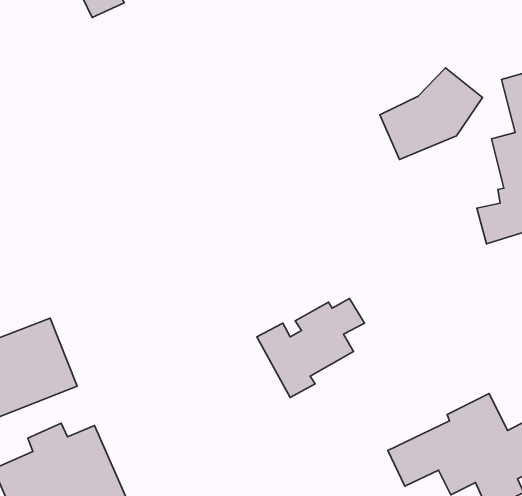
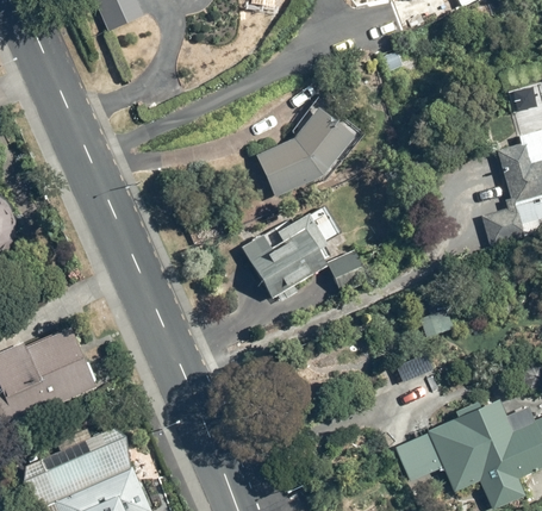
building: [380,68,482,159] -> [257,108,356,197]
building: [257,298,364,397] -> [241,208,344,304]

